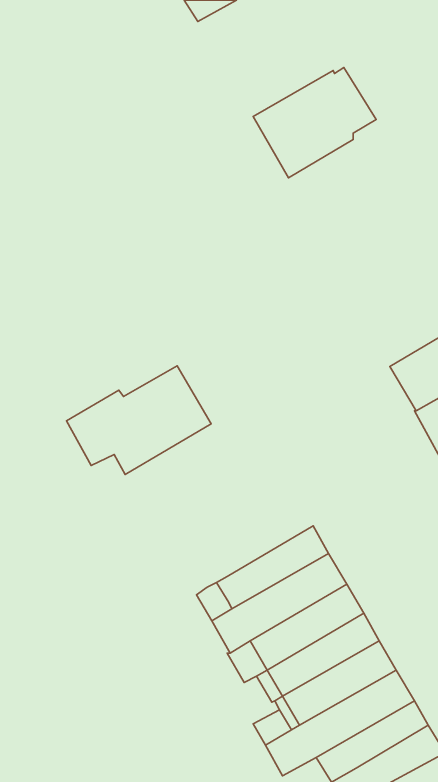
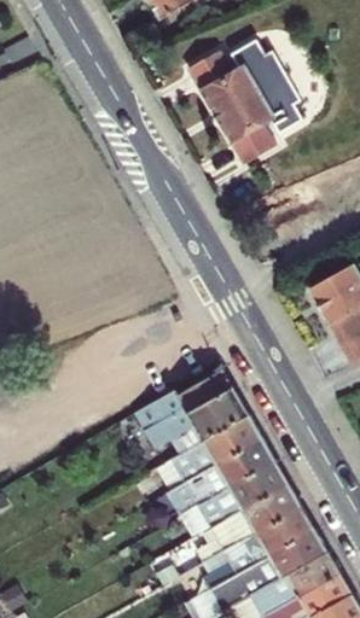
building: none -> [188,39,274,93]
building: none -> [231,95,303,164]
building: [67,366,211,475] -> [137,369,250,455]

